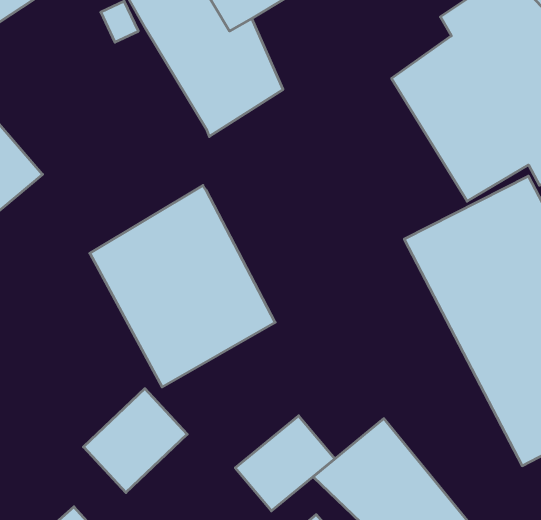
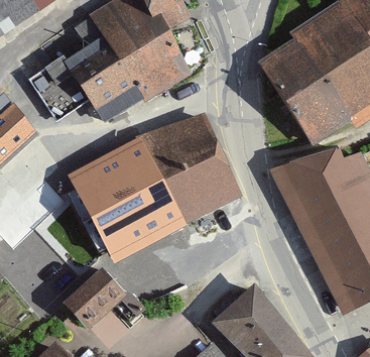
building: none -> [25,34,142,124]
building: none -> [142,109,243,222]
building: [235,416,335,511] -> none

